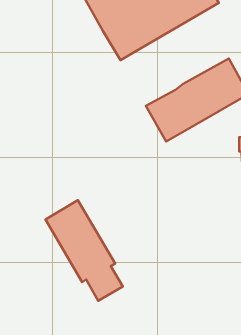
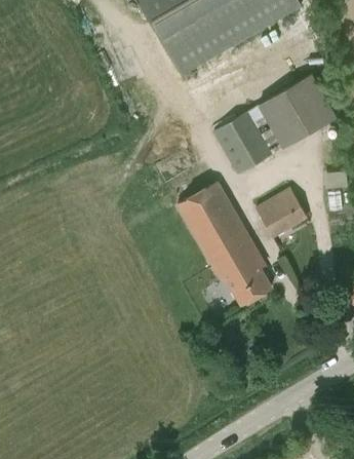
building: none -> [255,188,307,237]
building: [46,200,123,301] -> [178,182,271,304]

